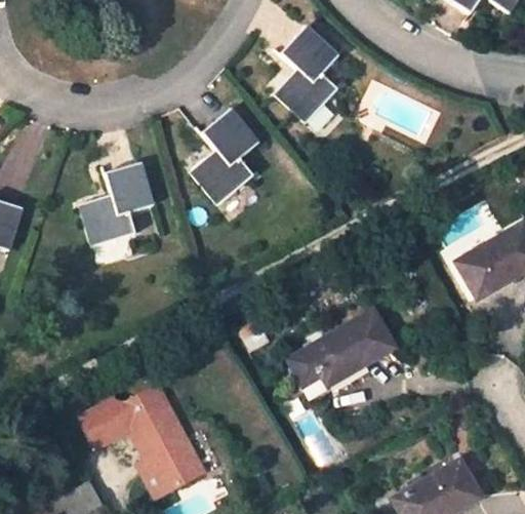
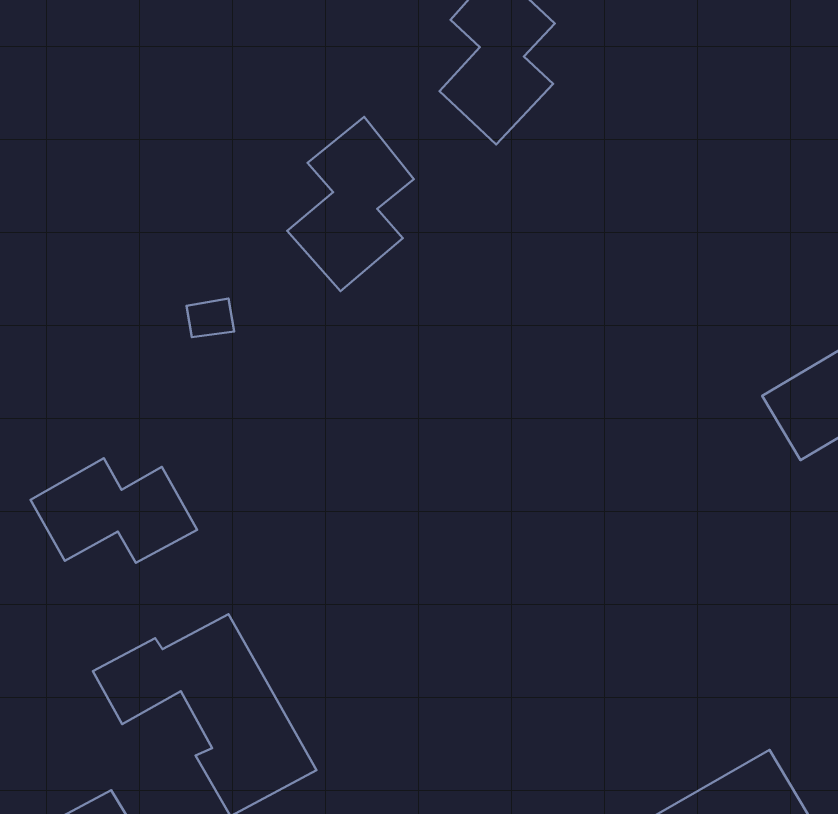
building: [78,161,154,246] -> none
building: none -> [30,458,197,563]
building: [287,309,395,396] -> none

